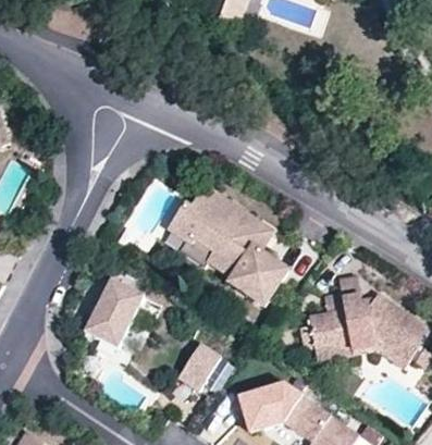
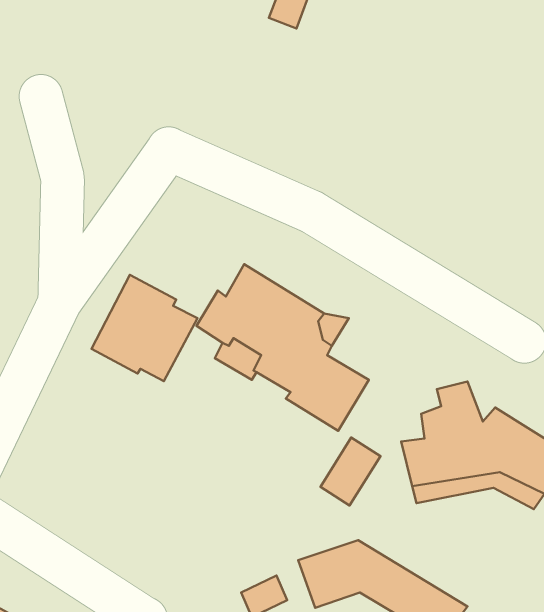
building: [83,279,158,354] -> [91,275,198,381]
building: [177,342,220,390] -> [320,438,380,505]

